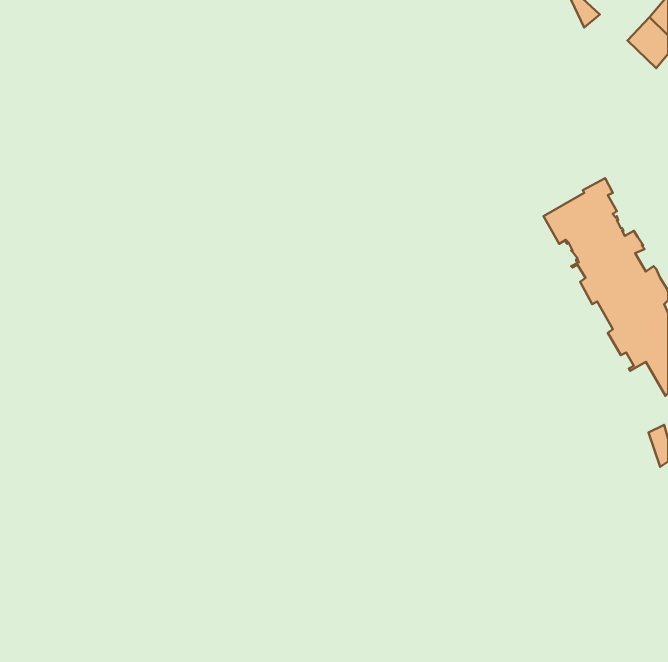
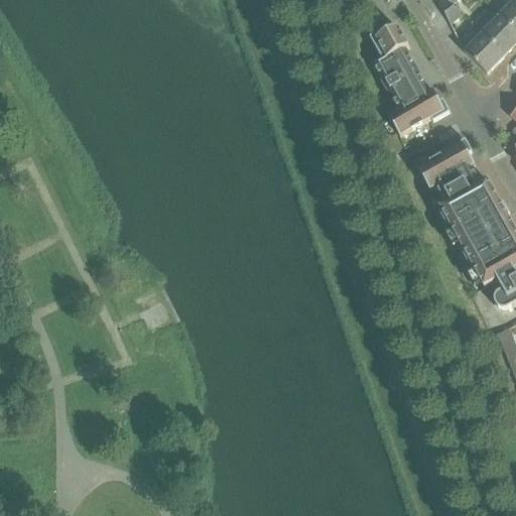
building: none -> [371,24,449,133]
building: none -> [465,31,505,71]

